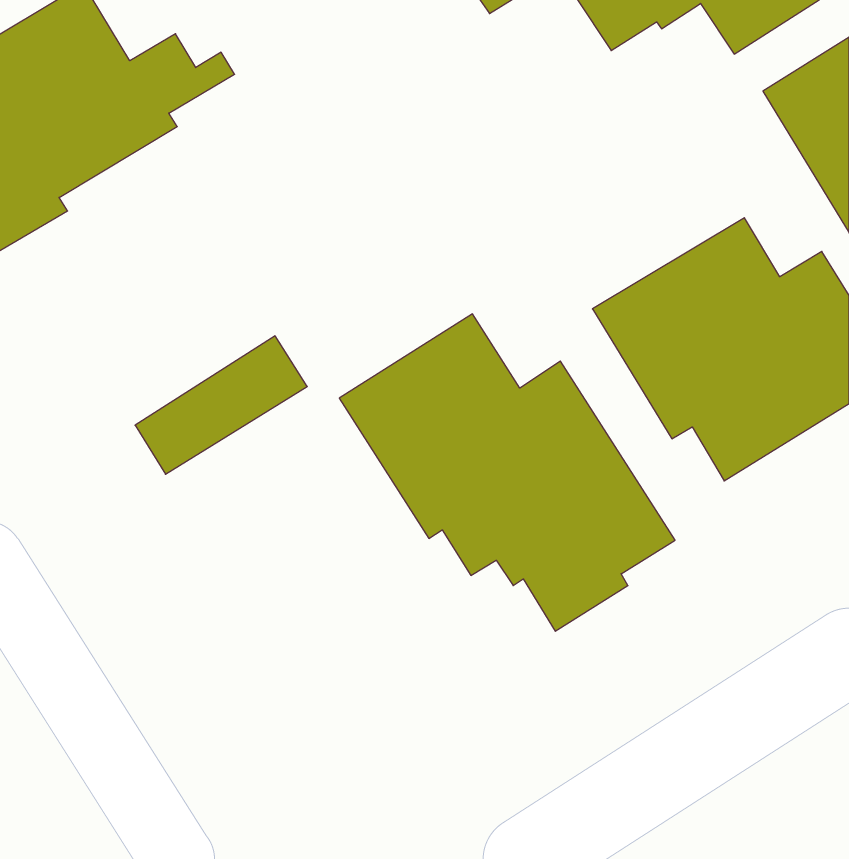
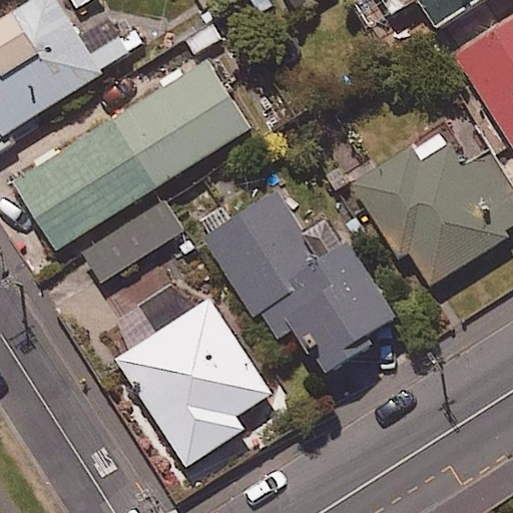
building: none -> [10,58,251,259]
building: none -> [115,299,272,466]

